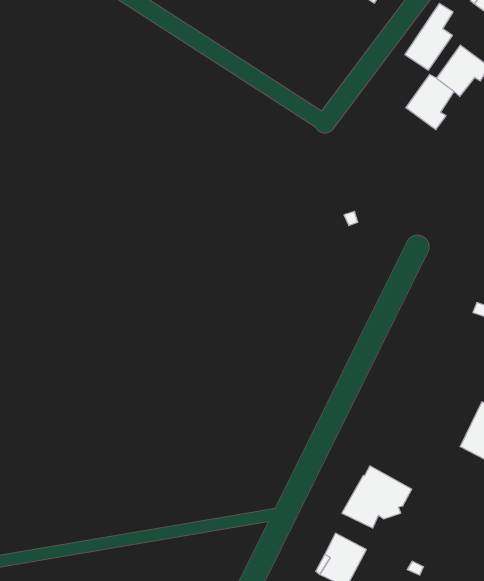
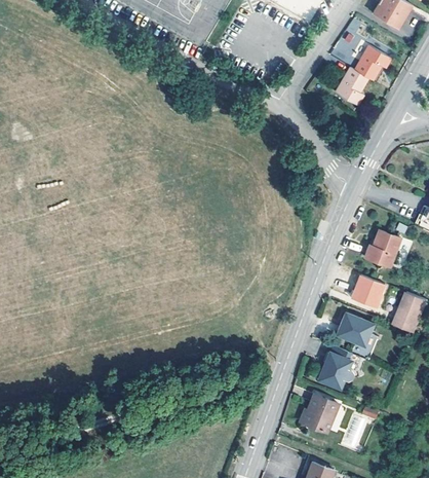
building: none -> [367,230,399,266]
building: none -> [351,275,384,307]
building: none -> [336,312,373,345]

